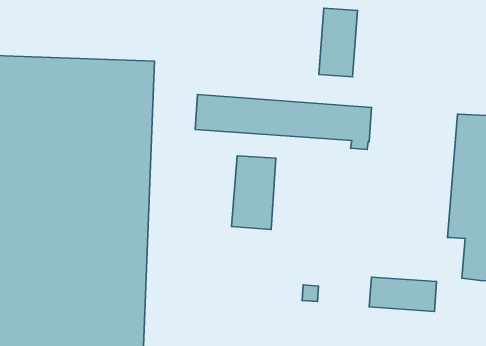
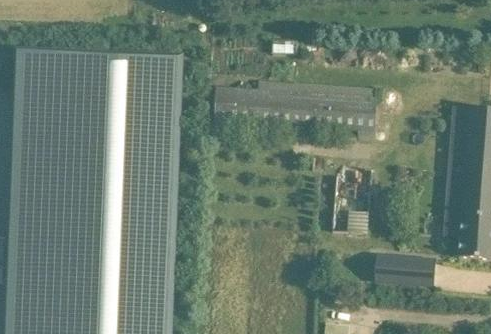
building: [319,8,357,77] -> none
building: [232,156,276,230] -> [332,168,372,235]

